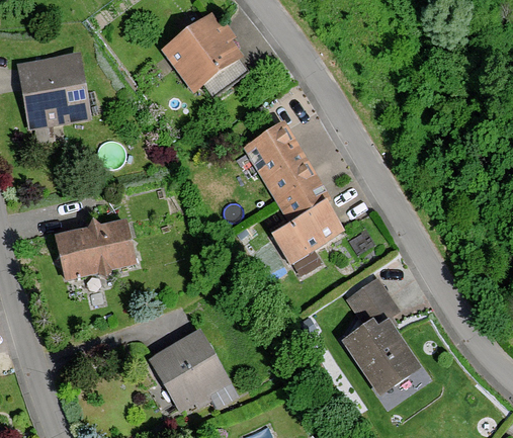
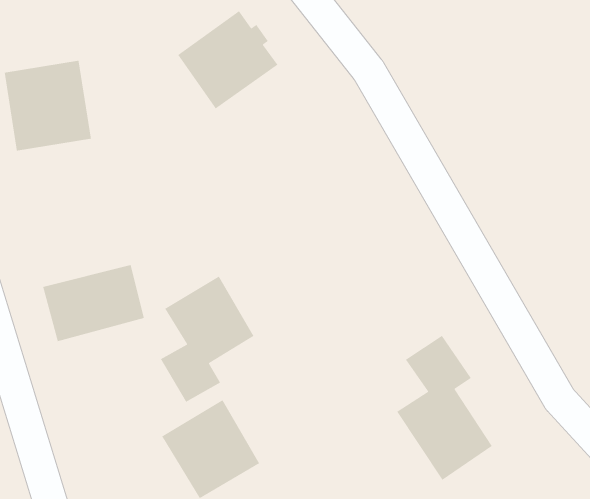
building: [243,123,342,265] -> none
building: none -> [160,276,255,403]

